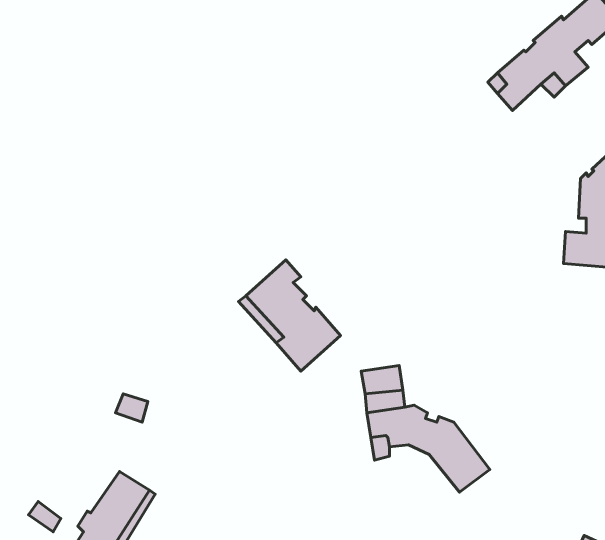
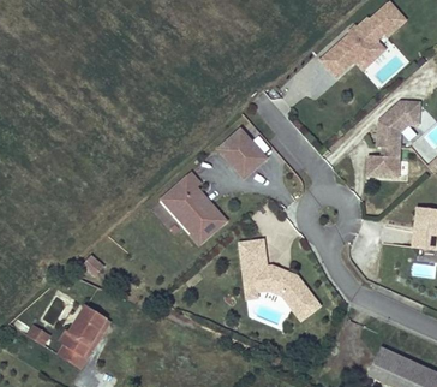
building: none -> [217,129,267,178]

